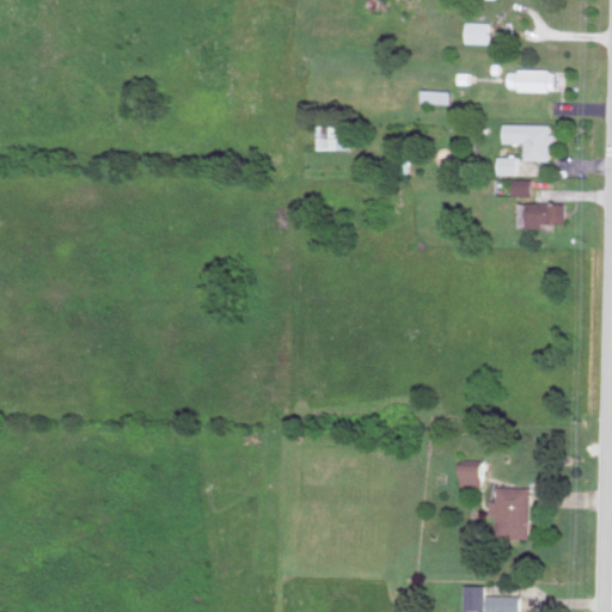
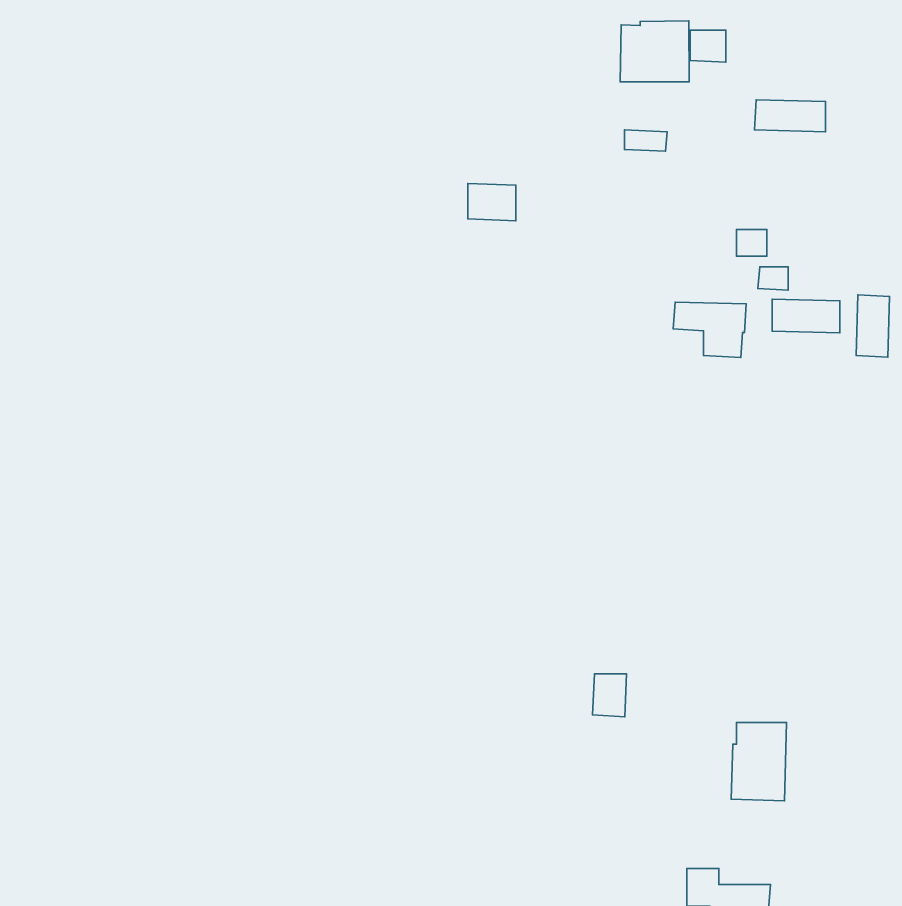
building: none -> [620,21,689,82]
building: [502,124,551,161] -> [673,302,746,357]
building: none -> [856,295,889,357]
building: [459,461,482,490] -> [593,674,626,717]

